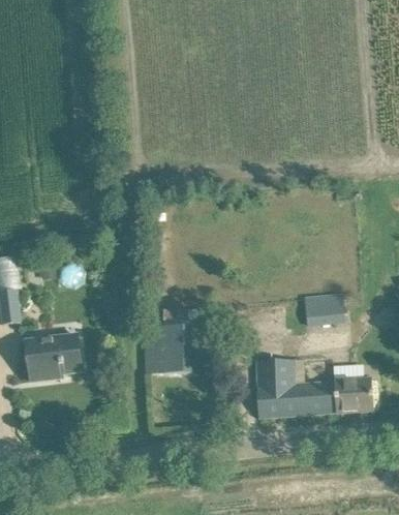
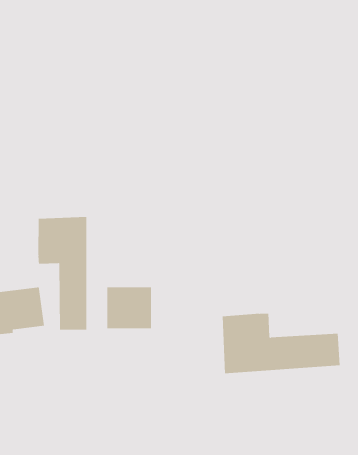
building: none -> [38,216,87,330]
building: [302,292,345,328] -> none

